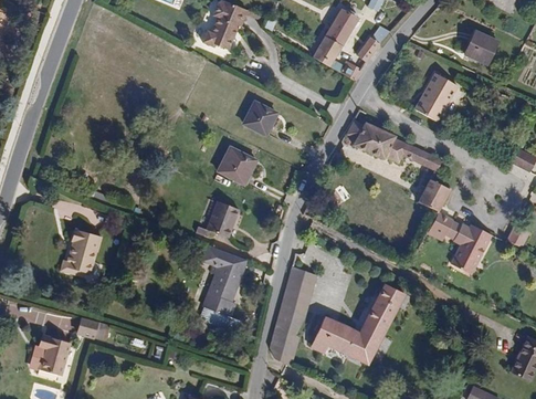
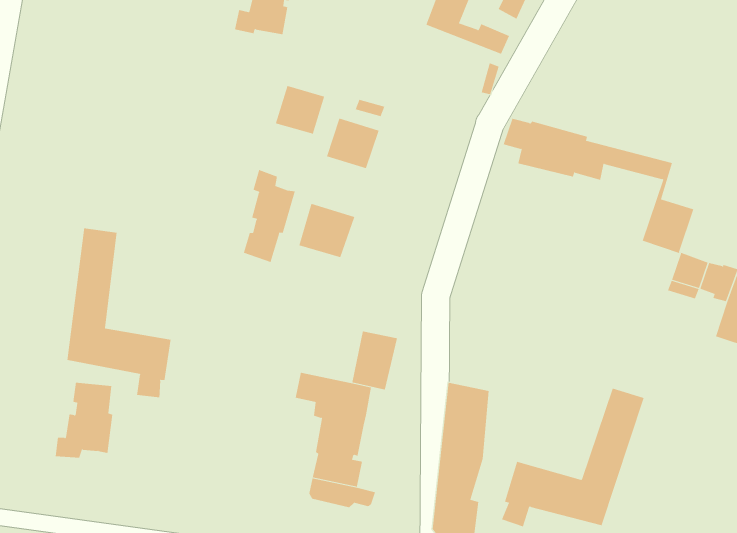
building: [414,73,458,122] -> none
building: none -> [275,85,325,135]
building: none -> [243,169,295,263]
building: none -> [67,227,171,398]
building: [207,200,238,237] -> [351,331,398,390]

